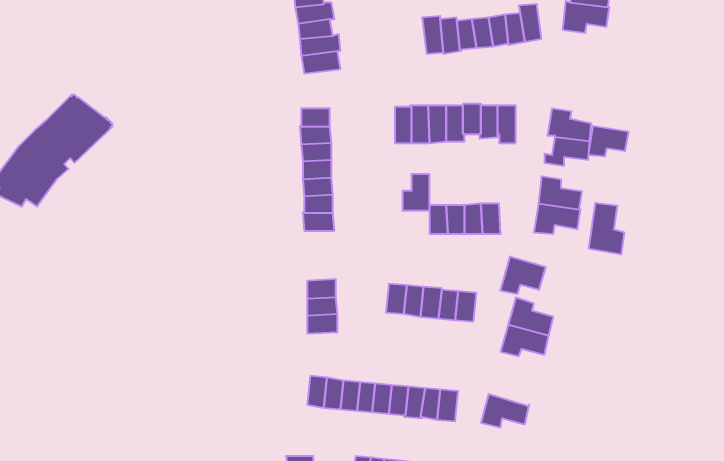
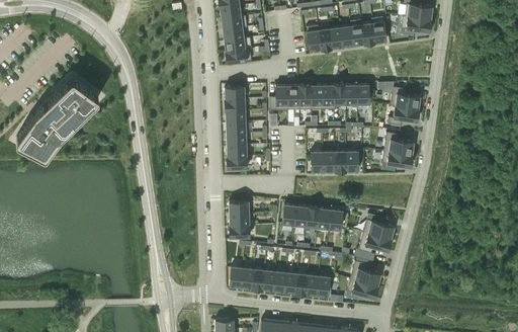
building: [589,126,628,157] -> none
building: [402,174,430,211] -> [270,86,288,110]
building: [589,203,624,255] -> none
building: [500,256,546,294] -> none
building: none -> [351,261,381,286]

